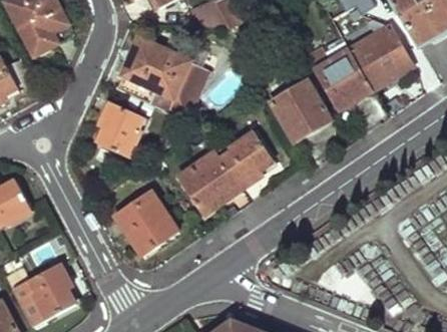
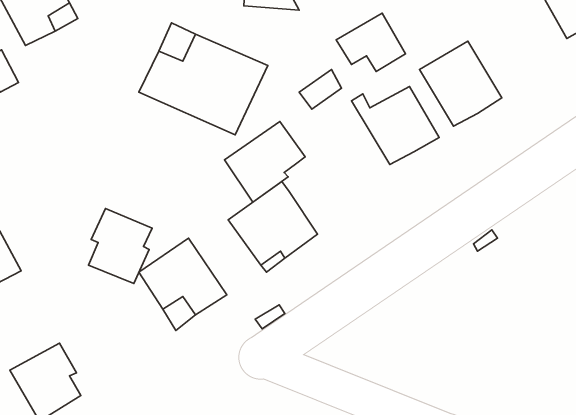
building: [348,26,413,90] -> none
building: none -> [336,13,405,72]
building: [96,102,141,155] -> [88,208,152,283]
building: [221,129,279,187] -> [225,121,305,202]

